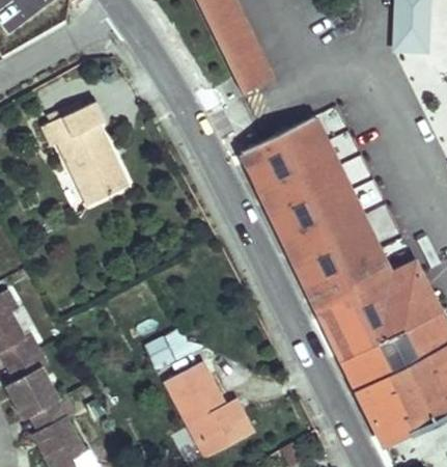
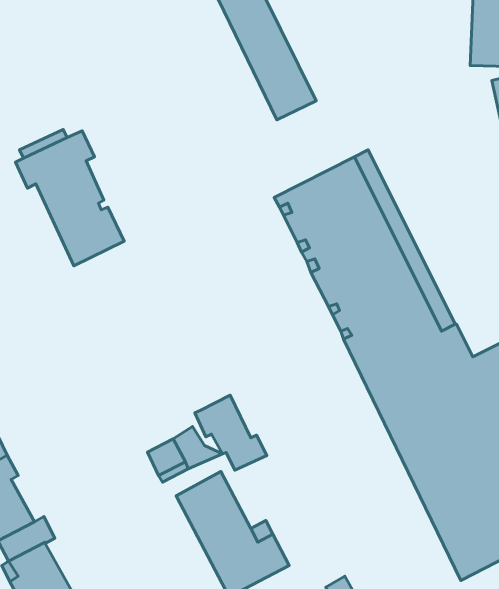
building: none -> [195,395,267,470]

